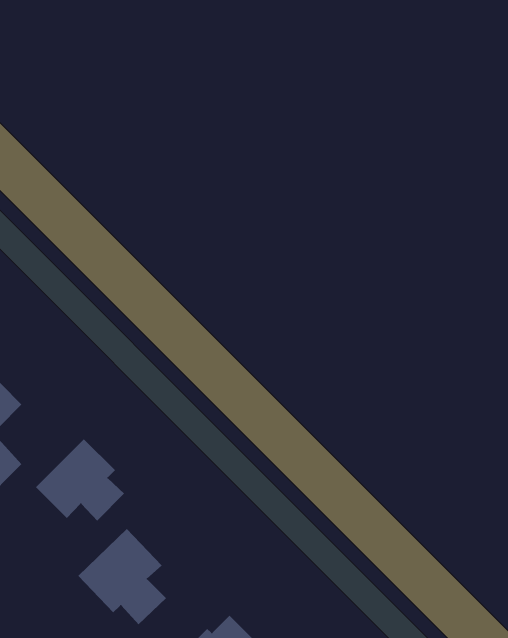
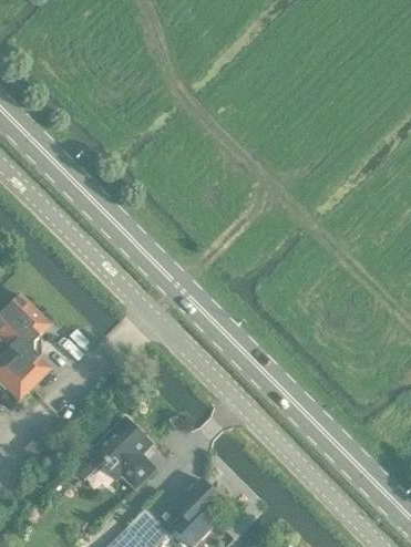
building: [35,438,125,522] -> none

